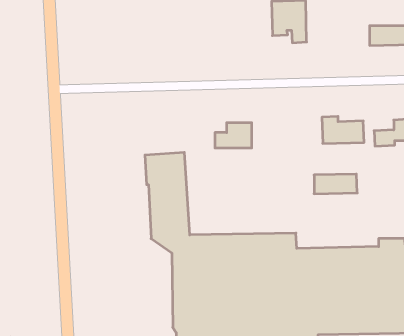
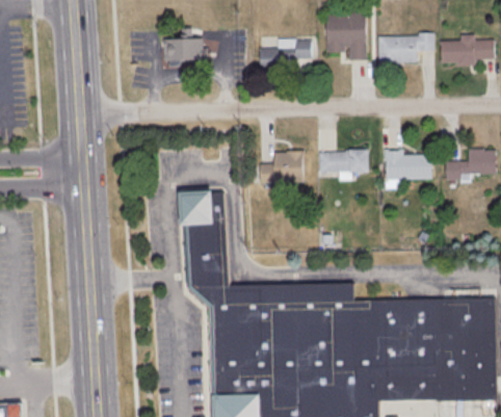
building: none -> [377,34,433,67]
building: none -> [164,37,206,63]
building: none -> [260,38,313,62]
building: [314,174,357,194] -> [319,152,369,175]

